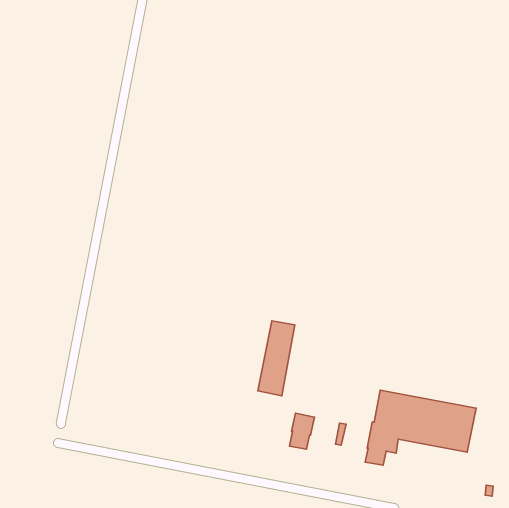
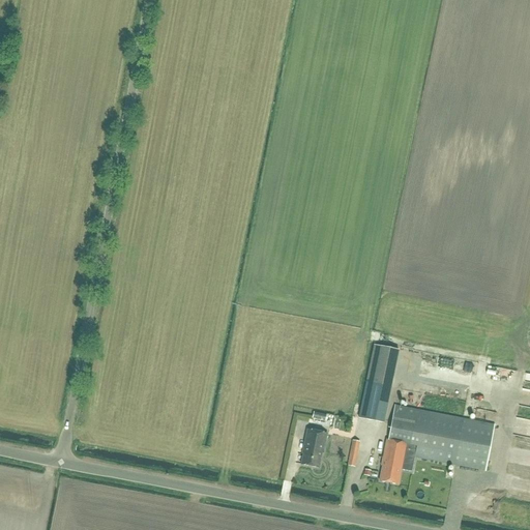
building: [258,321,295,396] -> [359,344,398,421]

